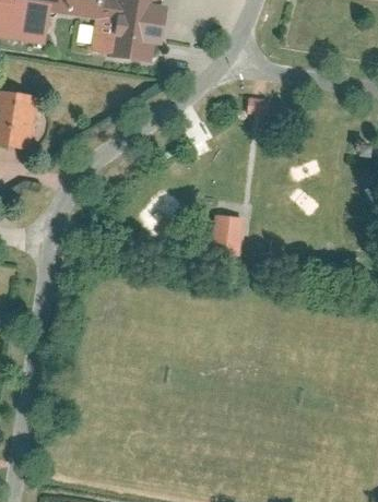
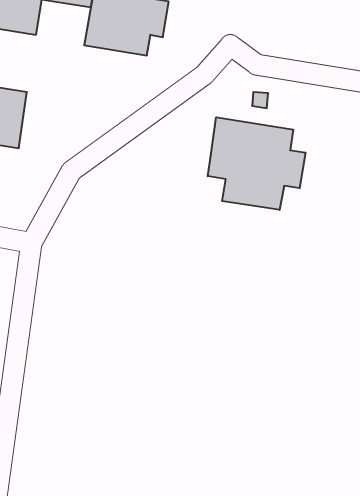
building: none -> [208,117,306,210]
building: [215,215,246,248] -> none

